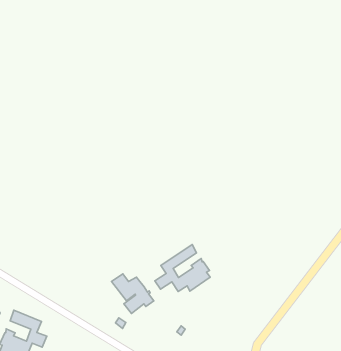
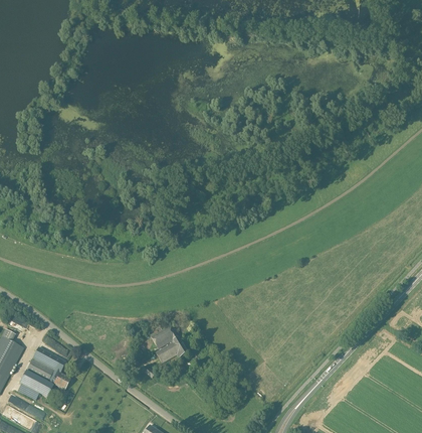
building: [155,244,210,291] -> none

